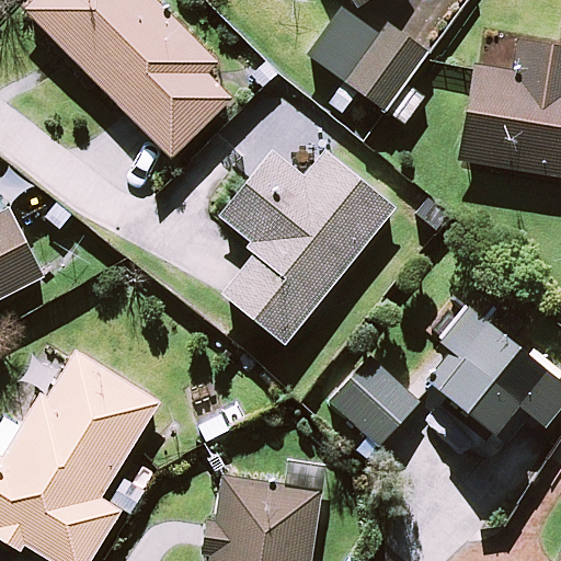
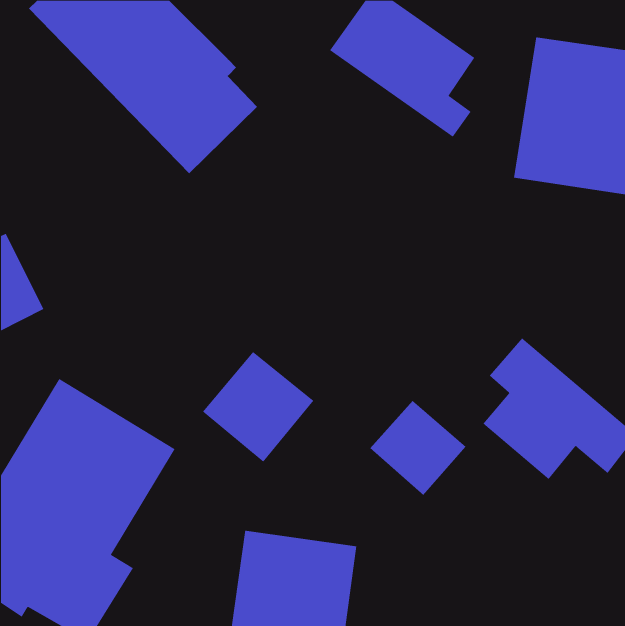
building: [220,150,396,342] -> none
building: none -> [202,351,314,463]

